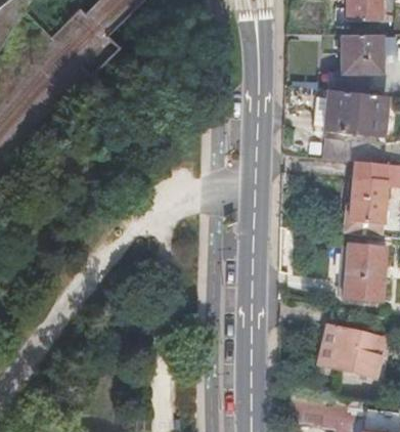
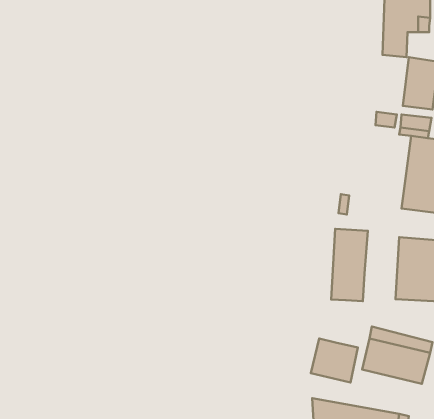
building: [323,89,359,135] -> none
building: none -> [331,229,368,301]
building: none -> [311,339,358,383]

